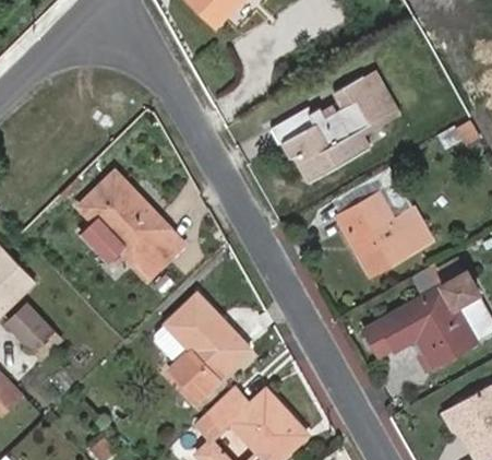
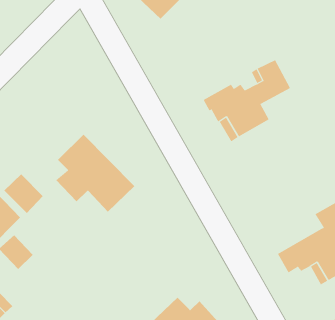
building: [346,70,401,155] -> none
building: [337,193,431,274] -> none
building: none -> [4,174,43,214]
building: [156,295,250,396] -> none

